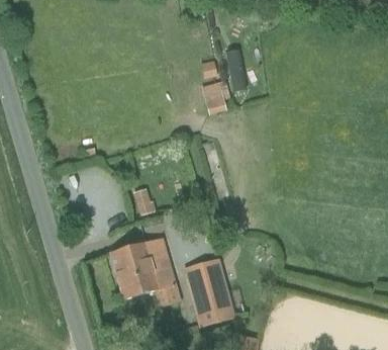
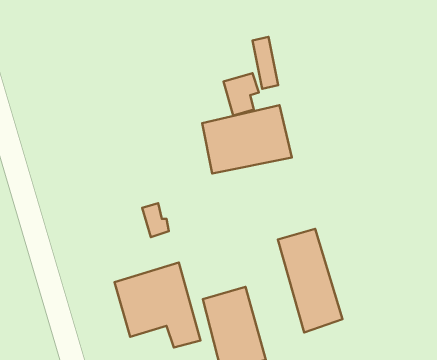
building: none -> [202,105,292,173]
building: none -> [278,229,342,332]

